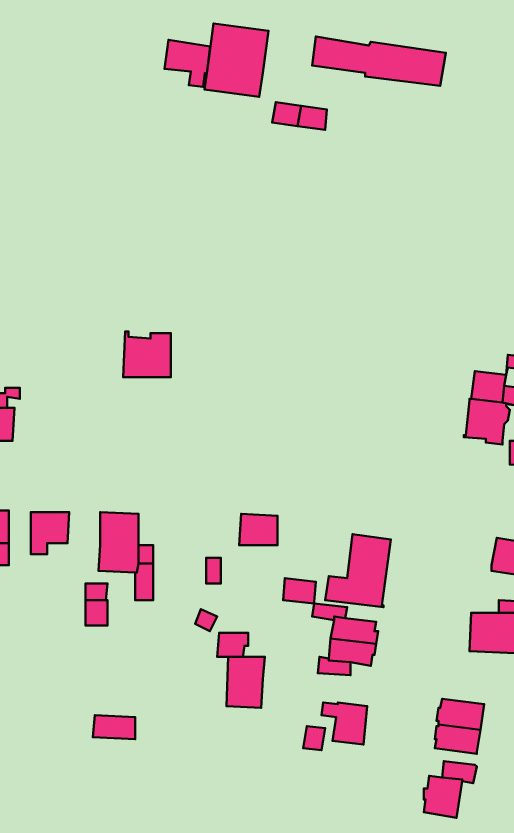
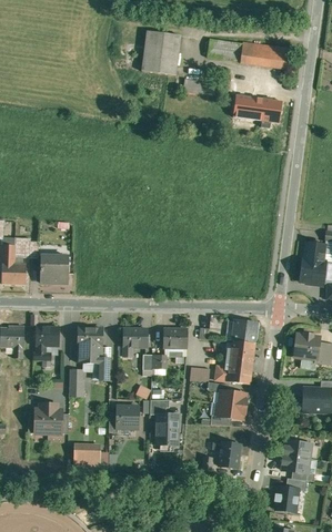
building: [164,40,210,87] -> none
building: none -> [234,95,282,123]
building: [123,331,171,377] -> [39,255,68,283]
building: none -> [232,320,259,344]
building: none -> [123,328,148,356]
building: none -> [294,332,320,359]
building: none -> [34,403,62,434]
building: none -> [117,406,139,428]

